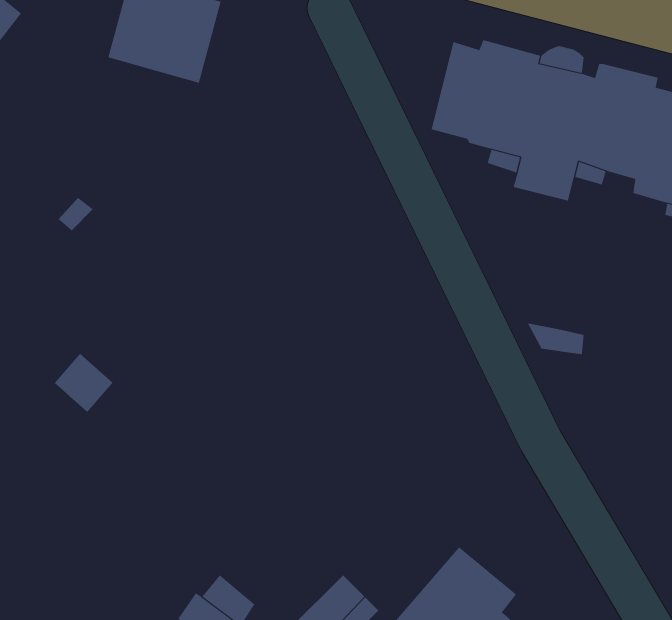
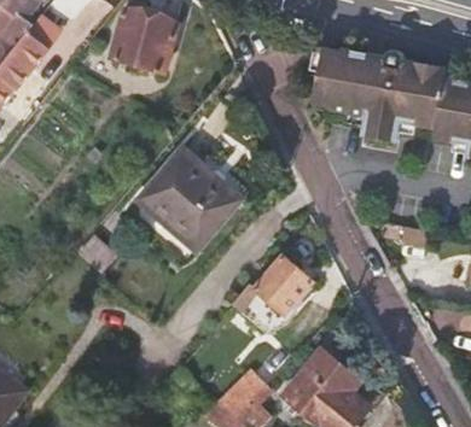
building: none -> [139,150,239,248]
building: none -> [232,256,314,333]

